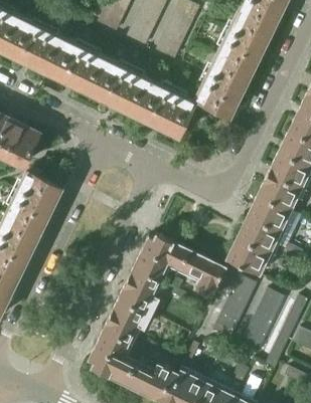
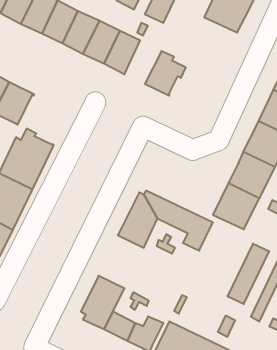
building: [195,55,251,118] -> none
building: [134,79,172,125] -> none
building: [212,277,256,340] -> none
building: [107,281,160,337] -> none

